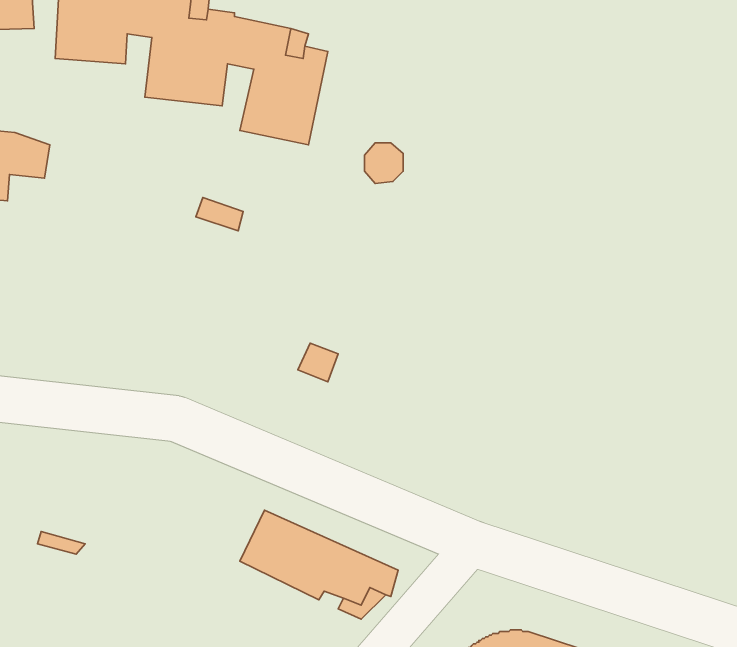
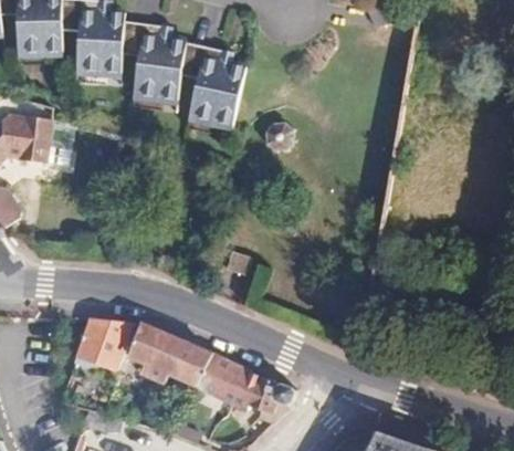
building: none -> [71,321,128,371]
building: none -> [125,328,208,387]

